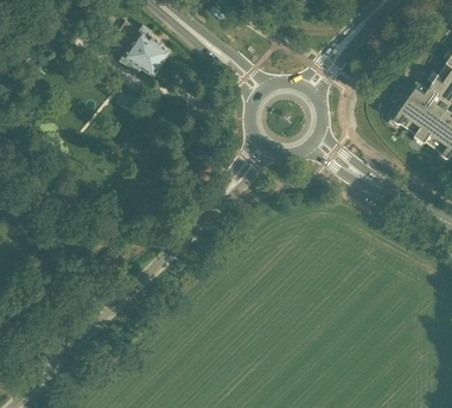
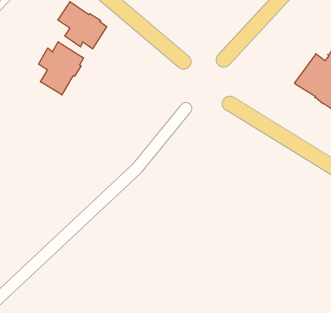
building: none -> [39,42,84,95]

